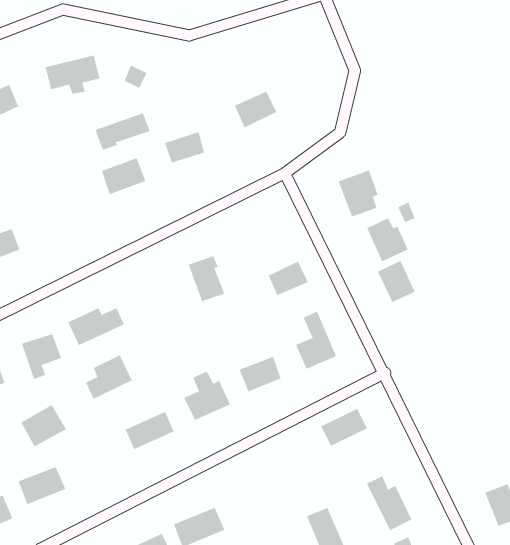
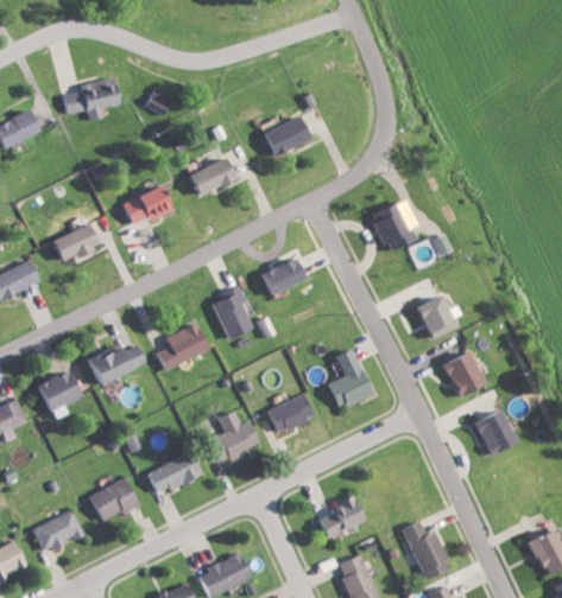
building: [95,112,150,150] -> none
building: none -> [51,223,96,263]
building: [366,217,409,262] -> none
building: [268,261,309,296] -> [260,257,303,294]
building: none -> [441,351,481,396]
building: [85,354,133,400] -> [158,323,208,370]
building: none -> [471,408,513,454]
building: [21,404,67,447] -> [90,478,139,523]
building: [320,408,368,447] -> [316,497,366,537]

